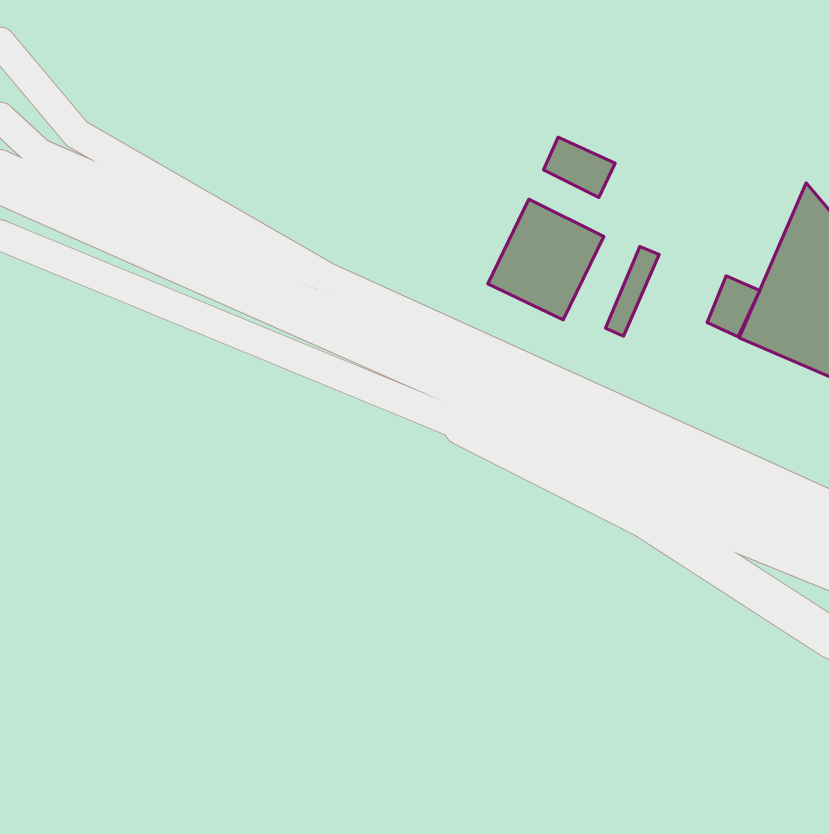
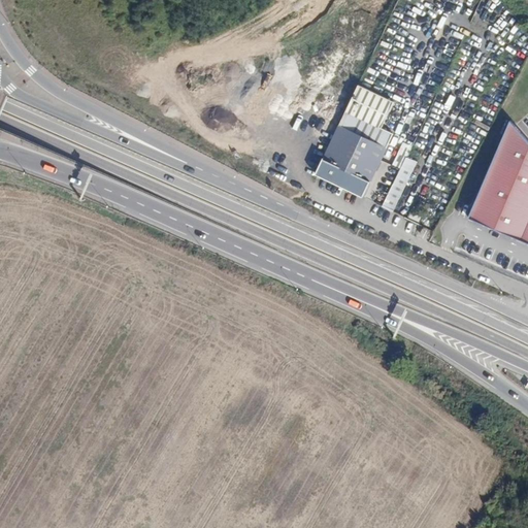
building: none -> [337,107,392,150]
building: [707,276,760,337] -> none

